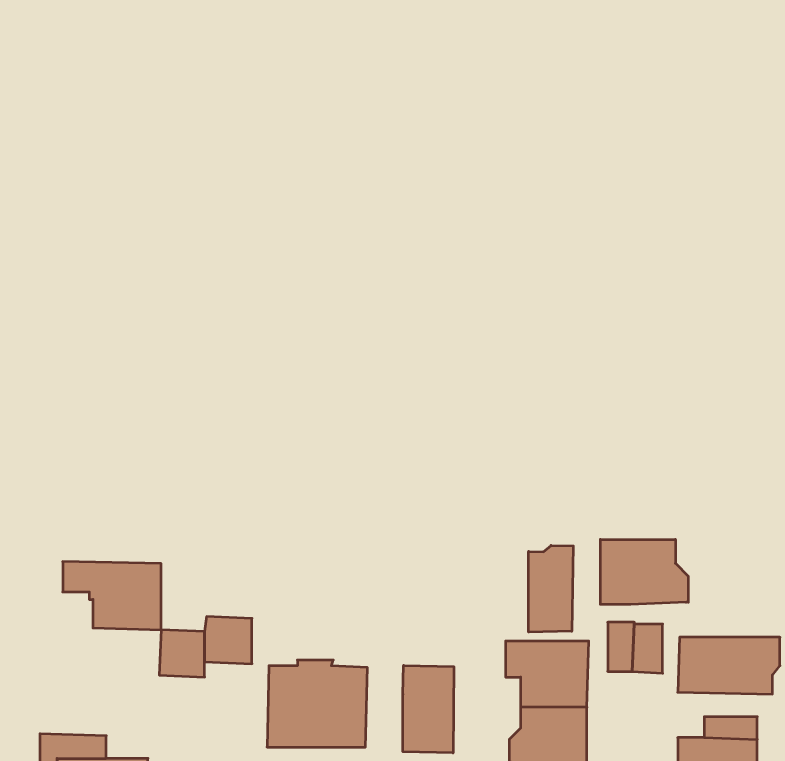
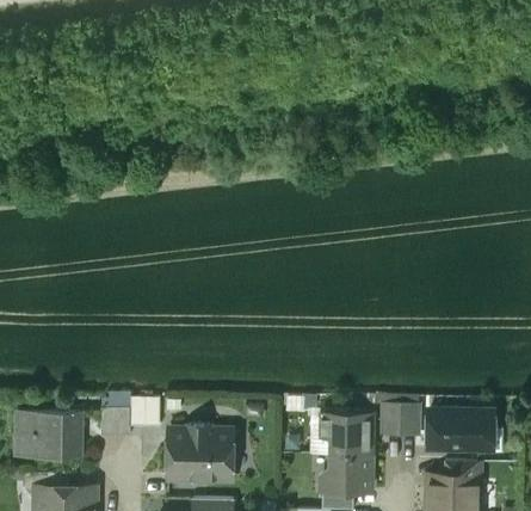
building: [600,539,688,604] -> none
building: [529,545,573,632] -> none
building: [63,562,161,630] -> [18,413,80,456]
building: [403,665,454,753] -> none

